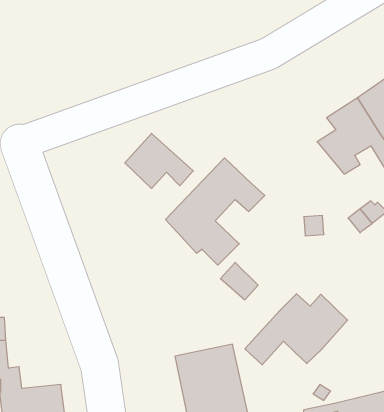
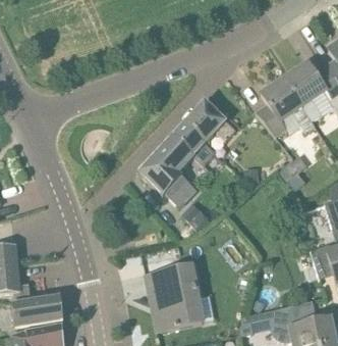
building: [125,133,193,188] -> [184,101,236,143]
building: [245,294,348,365] -> none

